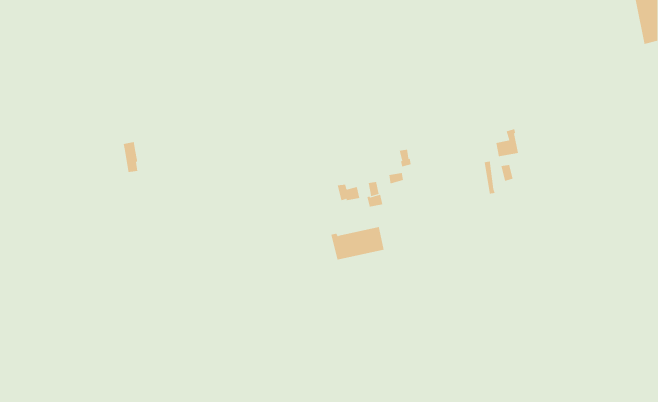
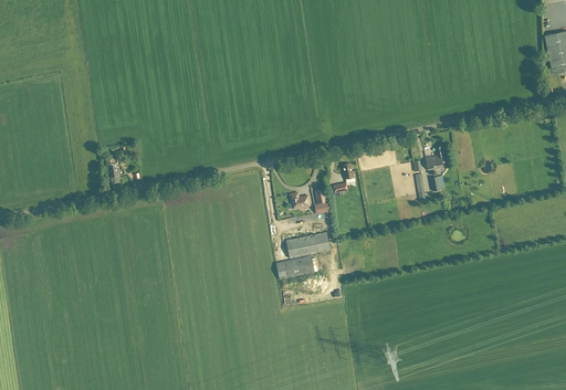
building: none -> [276,256,314,280]

